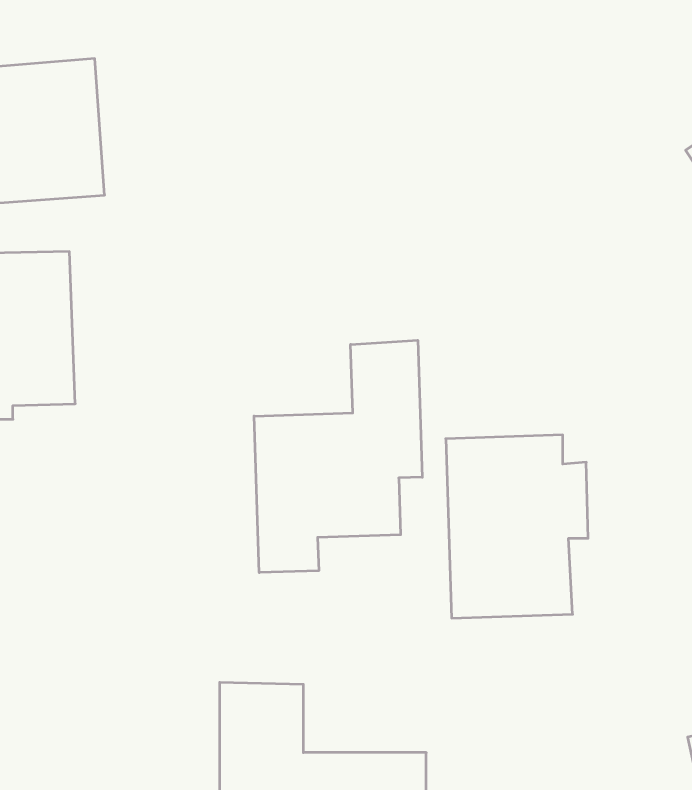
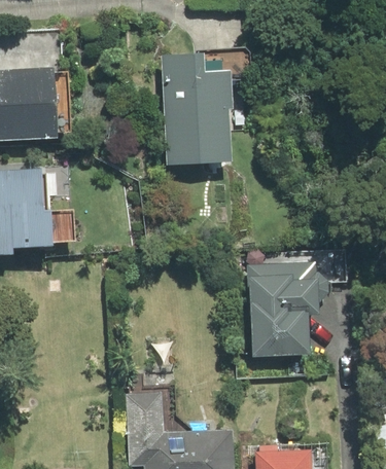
building: none -> [160,55,237,163]
building: [254,340,422,573] -> none

